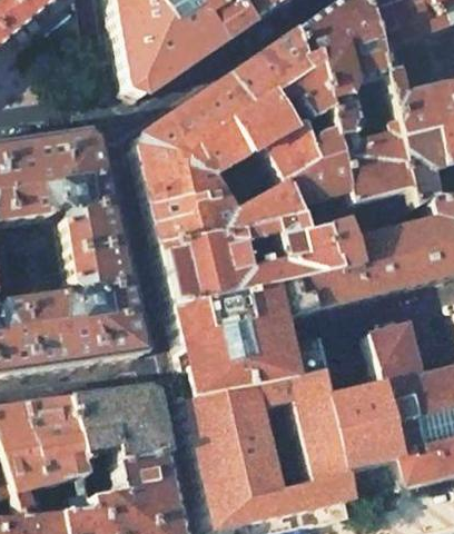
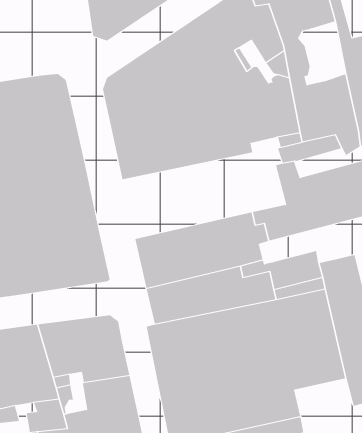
building: [363,72,399,136] -> none
building: [160,209,335,305] -> none

